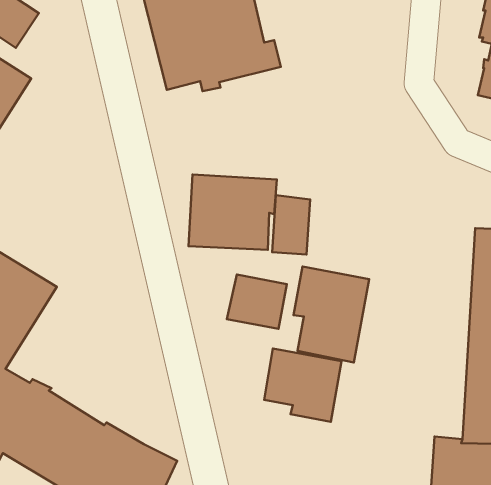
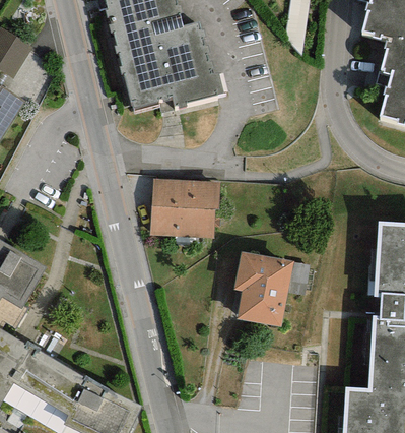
building: [272,195,310,254] -> none
building: [227,274,287,329] -> none
building: [264,349,342,422] -> none

